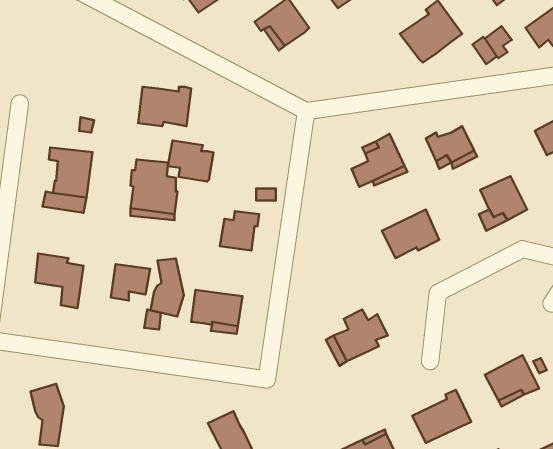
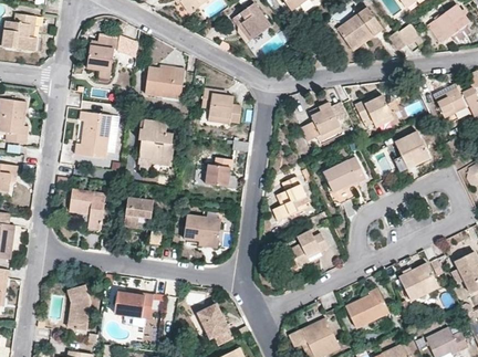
building: none -> [87,33,117,72]
building: [168,140,213,181] -> [201,88,235,118]
building: none -> [272,176,311,221]
building: [151,259,184,317] -> none
building: none -> [114,292,153,318]

